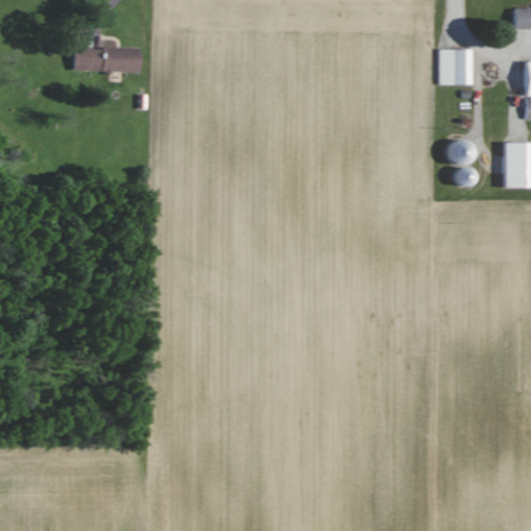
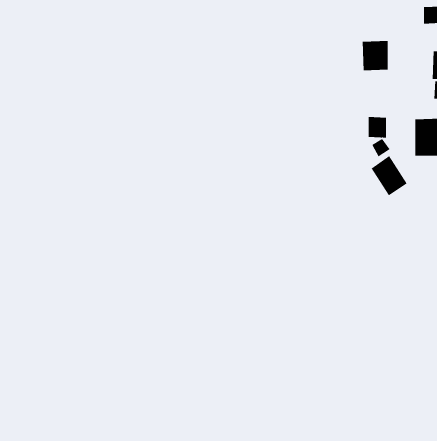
building: [74,48,142,72] -> none
building: none -> [371,155,408,196]

